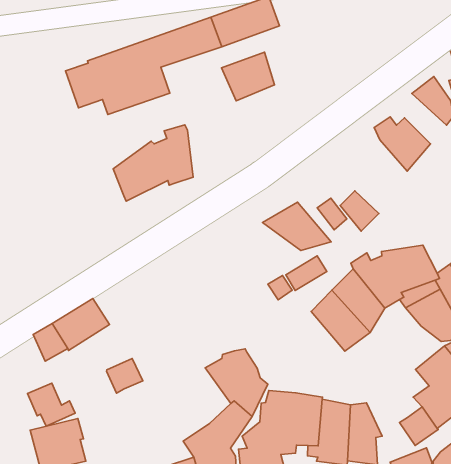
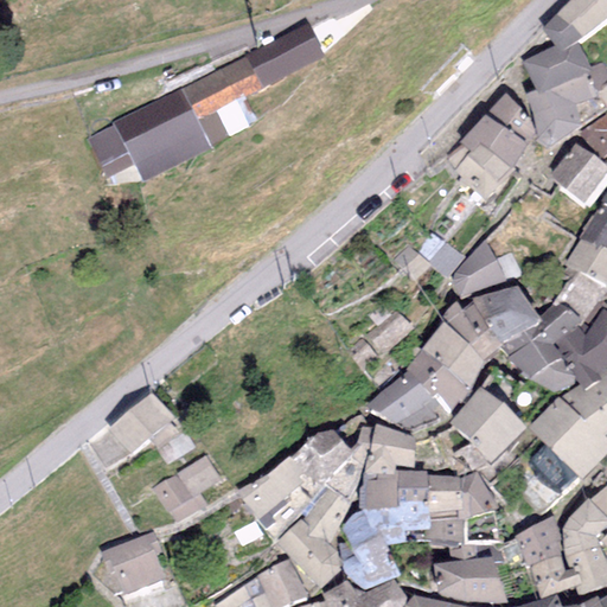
building: [221,52,274,101] -> none
building: none -> [460,114,529,168]
building: [113,125,193,201] -> none
building: none -> [452,238,506,298]
building: [263,202,331,250] -> [365,376,446,430]
building: none -> [449,386,526,464]
building: none -> [334,414,415,472]
building: none -> [238,455,324,542]
building: [28,383,75,426] -> [152,473,209,523]

